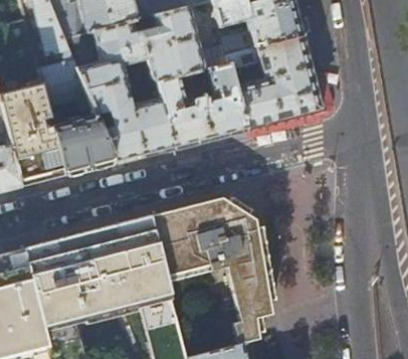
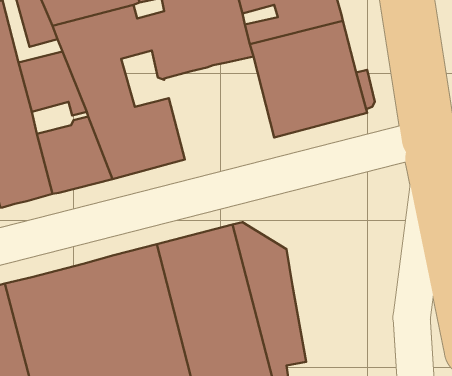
building: [155,62,245,147] -> none

